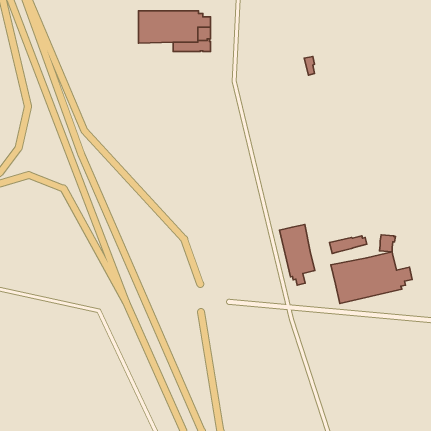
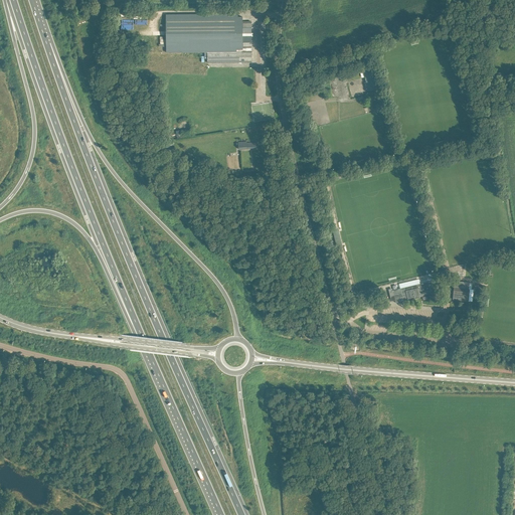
building: [280,224,315,285] -> none
building: [331,252,412,304] -> none

